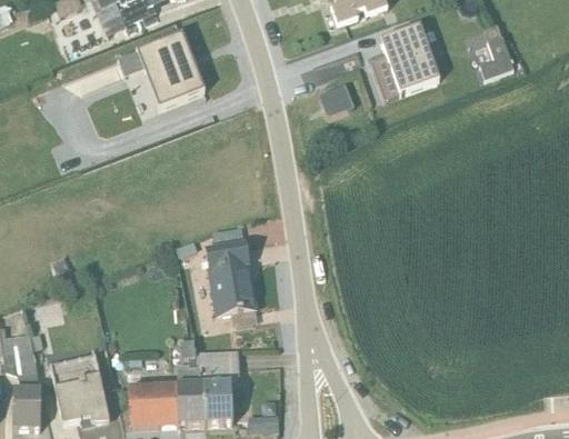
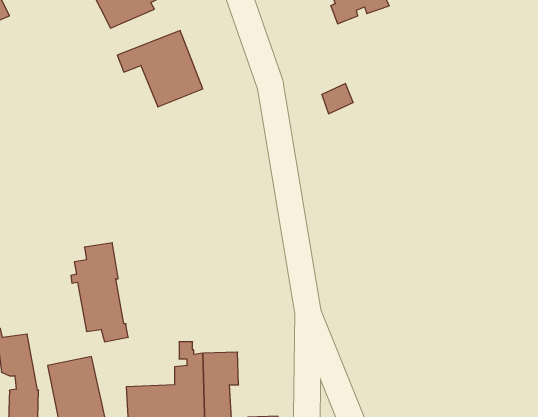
building: [371,27,439,98] -> none
building: [480,36,513,78] -> none
building: [201,227,258,325] -> [71,243,128,342]

